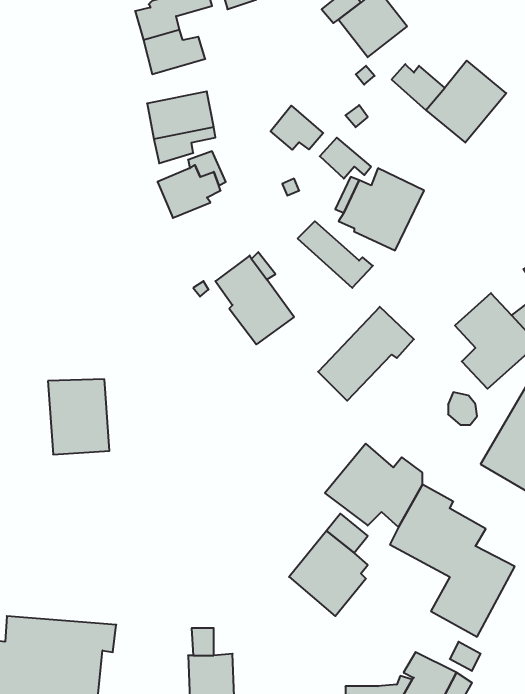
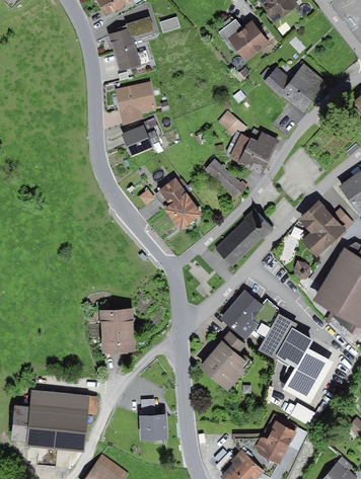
building: [271,106,323,150] -> none
building: [48,379,109,454] -> [98,309,135,353]

